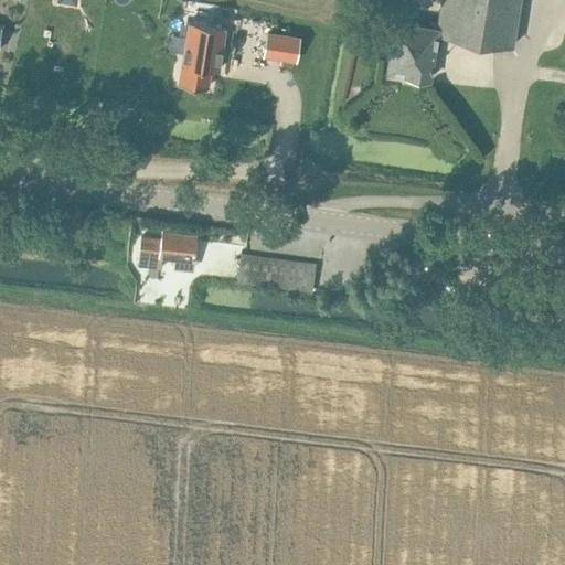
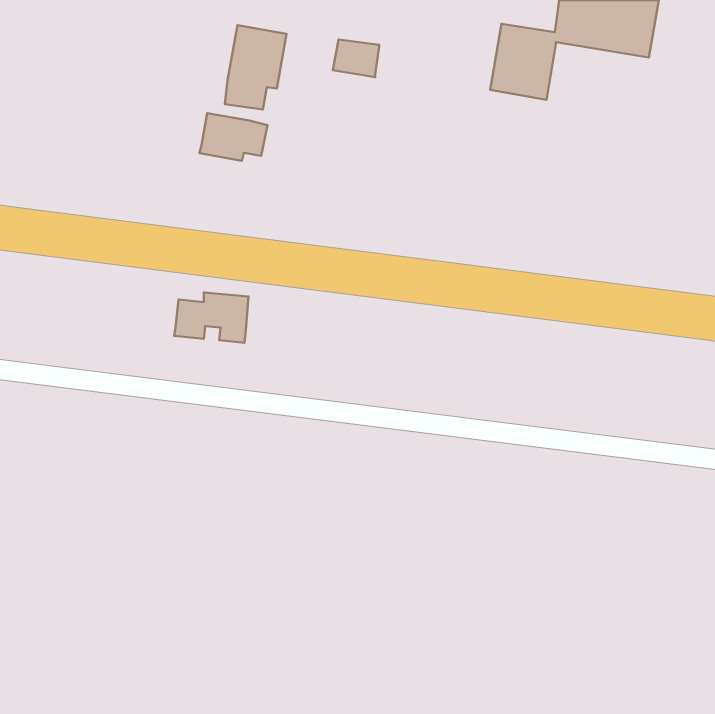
building: none -> [200,113,268,161]
building: [238,254,317,292] -> none

